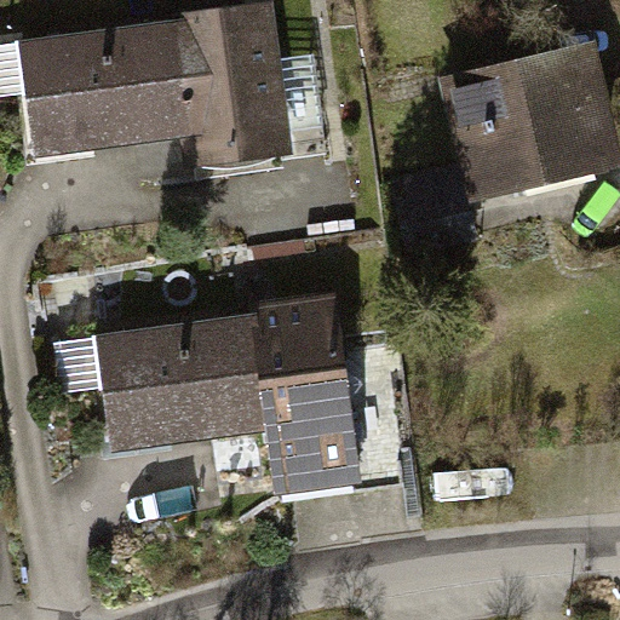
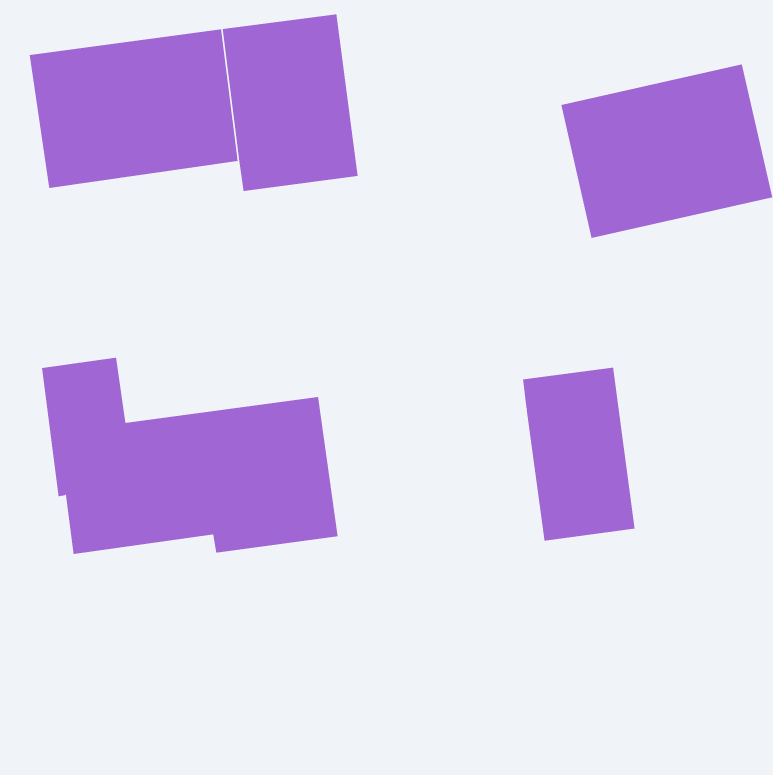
building: none -> [523,367,635,541]
building: [257,304,364,472] -> none

